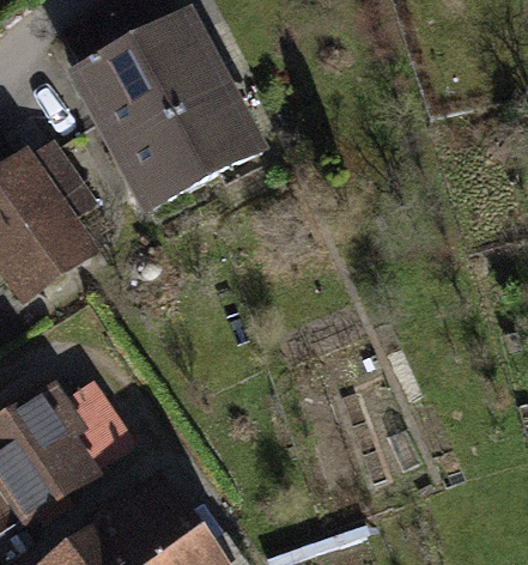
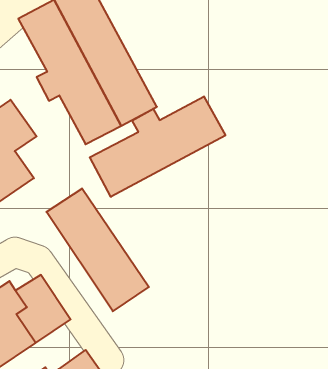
building: none -> [90,96,225,197]
building: none -> [46,188,149,311]

